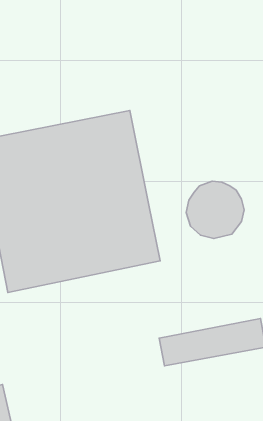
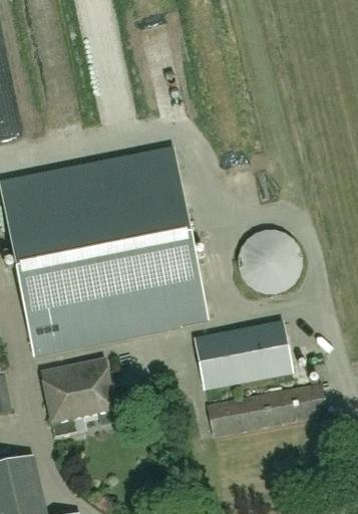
building: none -> [195,321,291,388]
building: none -> [41,357,116,437]

